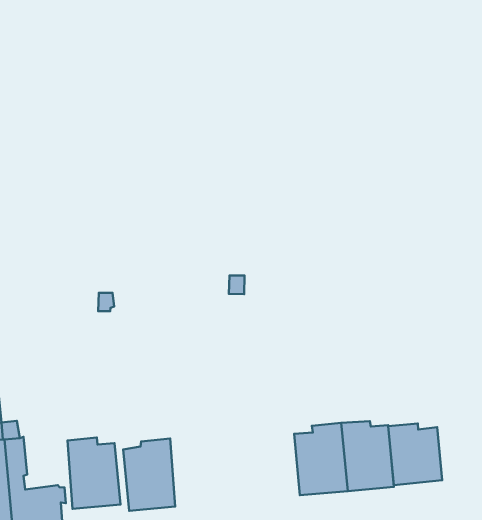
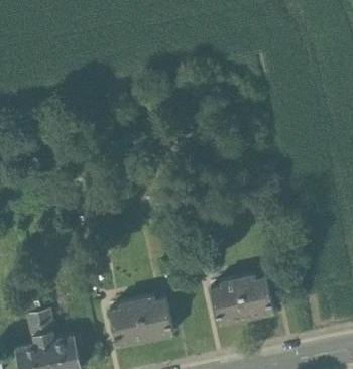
building: [388,424,442,485] -> none
building: [68,437,120,509] -> [136,296,172,341]

